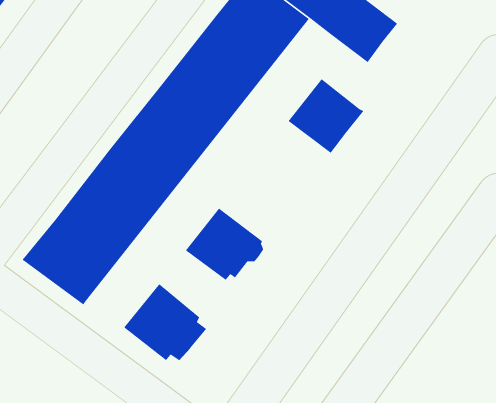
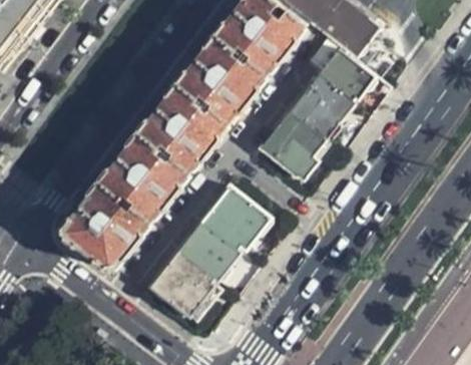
building: none -> [308,37,375,100]
building: none -> [259,111,325,175]
building: none -> [177,223,239,281]

